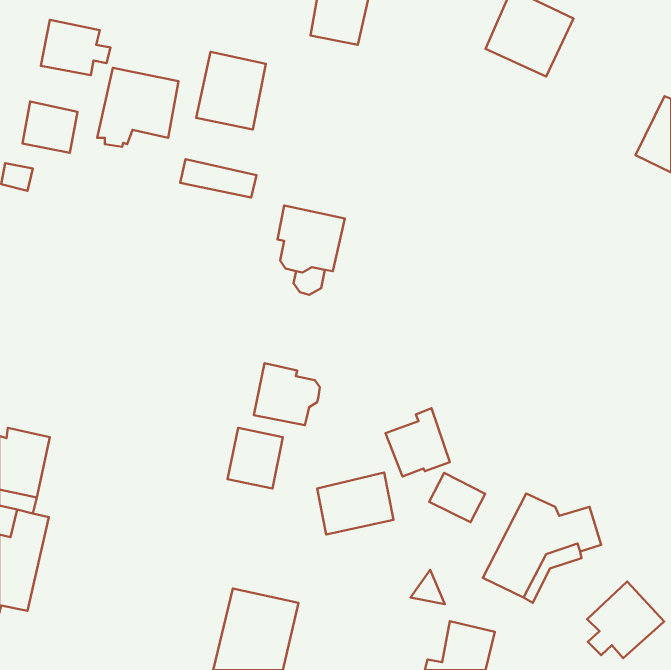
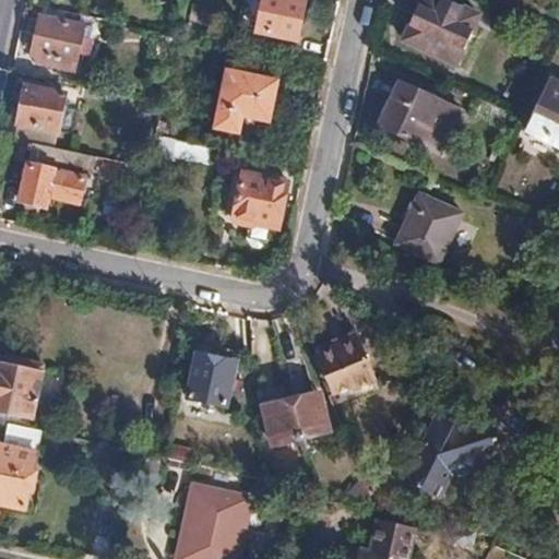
building: [196,52,266,130] -> [216,70,274,134]
building: [97,68,179,147] -> [20,142,87,207]
building: none -> [376,83,456,152]
building: none -> [395,192,460,261]
building: [254,363,320,425] -> none
building: [429,473,485,522] -> none
building: [587,581,664,658] -> none

